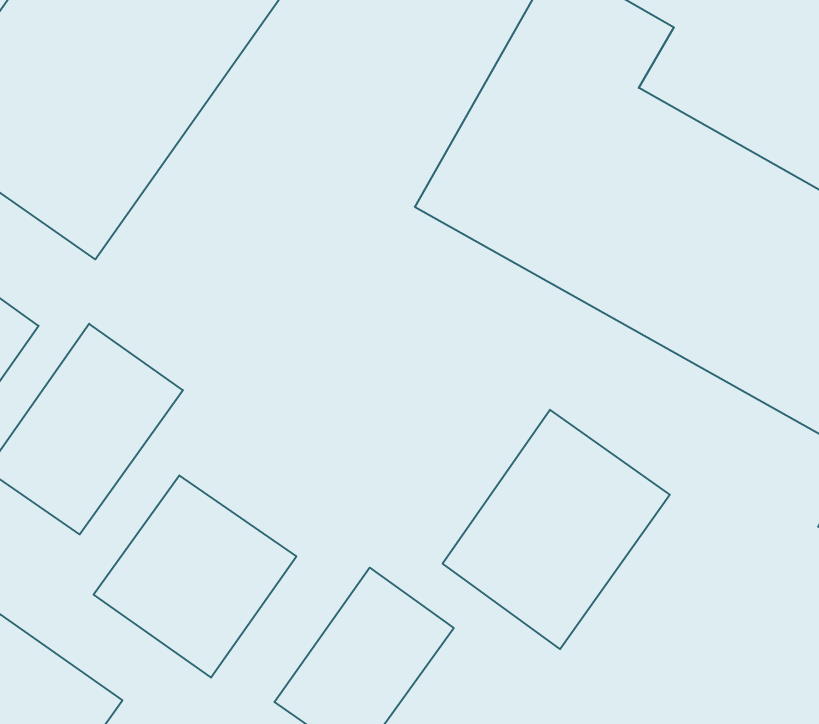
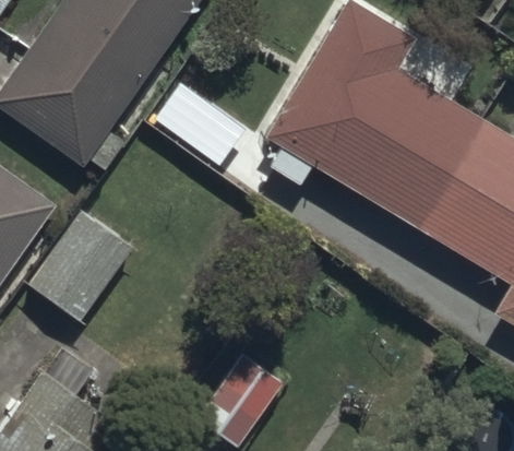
building: [443,410,670,649] -> none
building: [94,475,296,678] -> none

